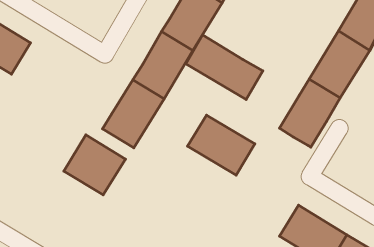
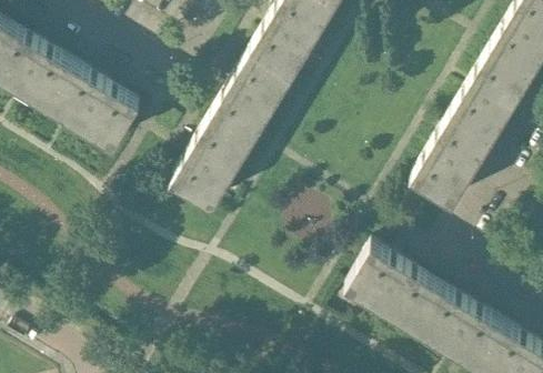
building: [186,35,263,100] -> none
building: none -> [49,63,141,145]
building: [188,115,255,175] -> [346,244,438,325]
building: [64,135,125,195] -> none

